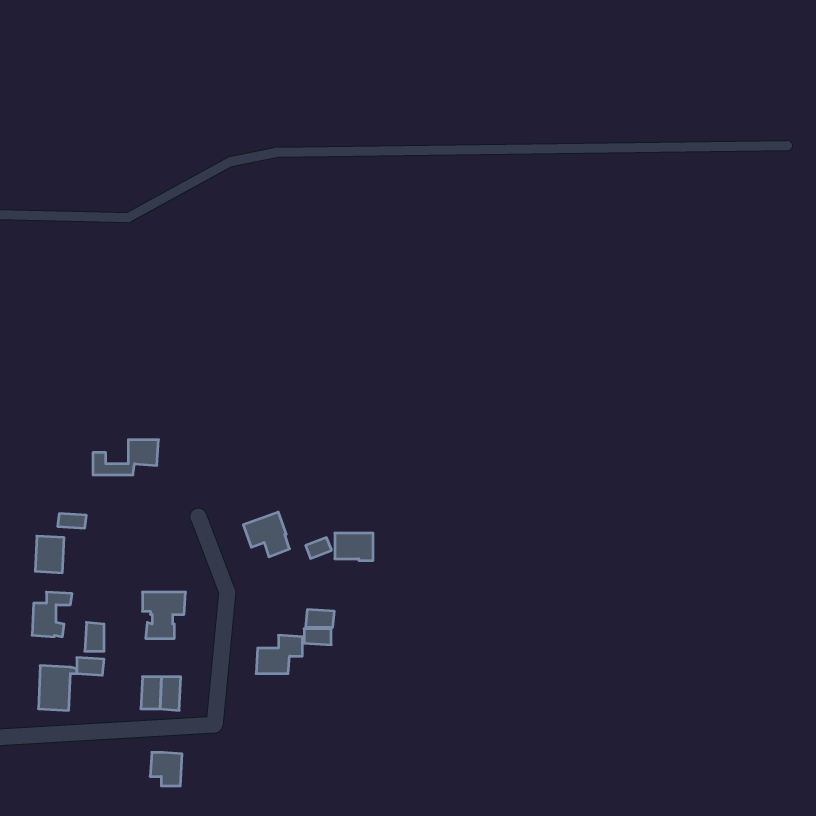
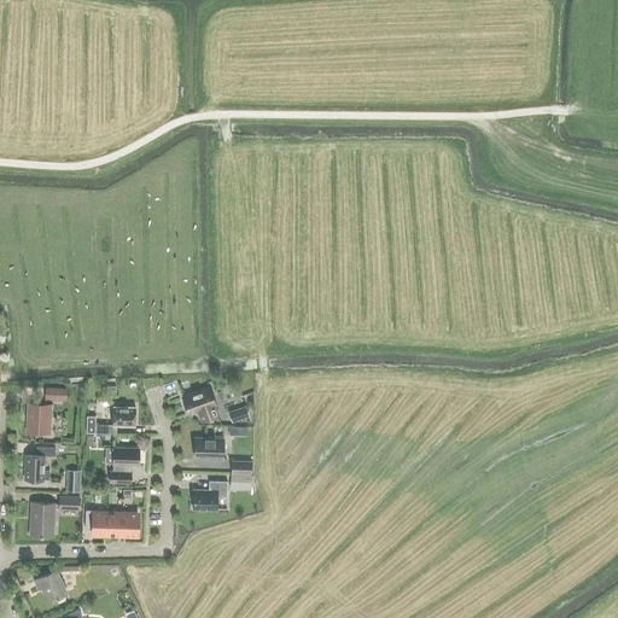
building: [93,440,159,475] -> [87,407,136,433]
building: [335,533,373,560] -> [196,438,225,459]
building: [150,752,182,786] -> [83,511,107,536]
building: none -> [34,571,65,602]

